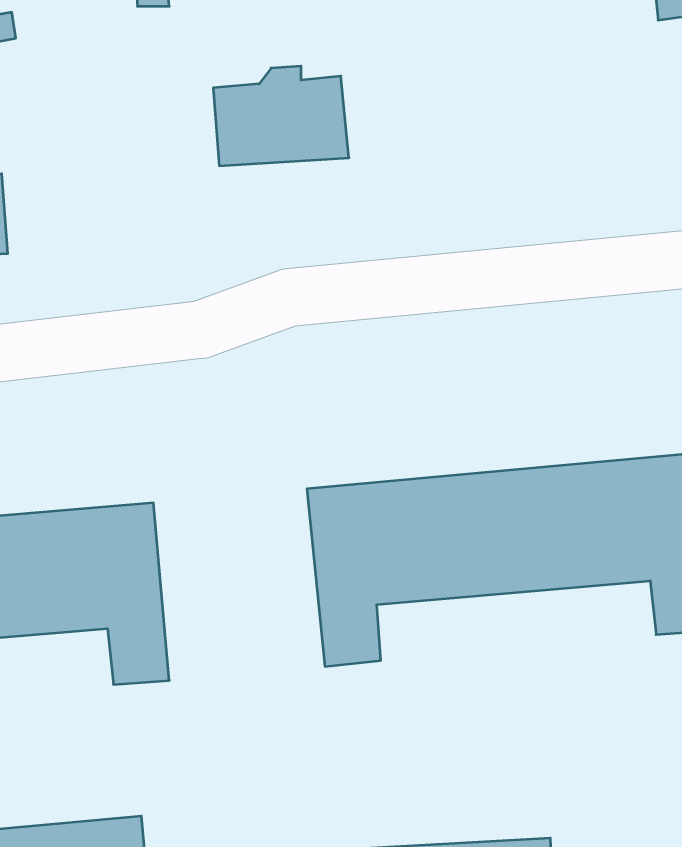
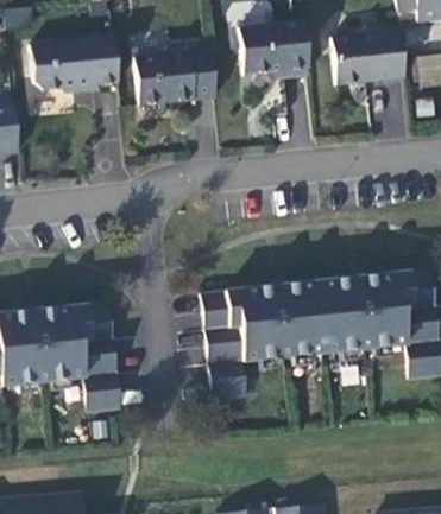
building: none -> [242,21,311,77]
building: none -> [336,31,409,85]
building: none -> [29,36,116,91]

